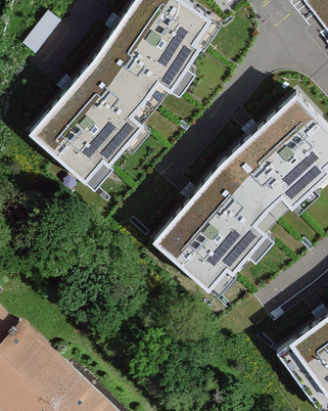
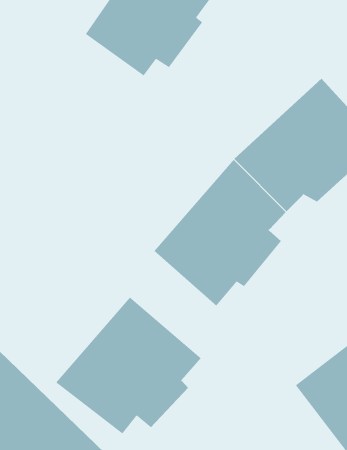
building: [32,59,146,180] -> none
building: none -> [55,296,202,435]

